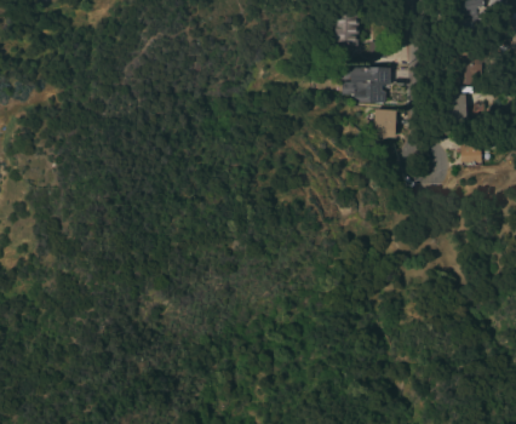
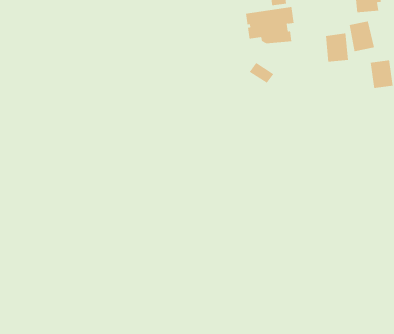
building: [373,109,396,137] -> [325,33,349,62]

